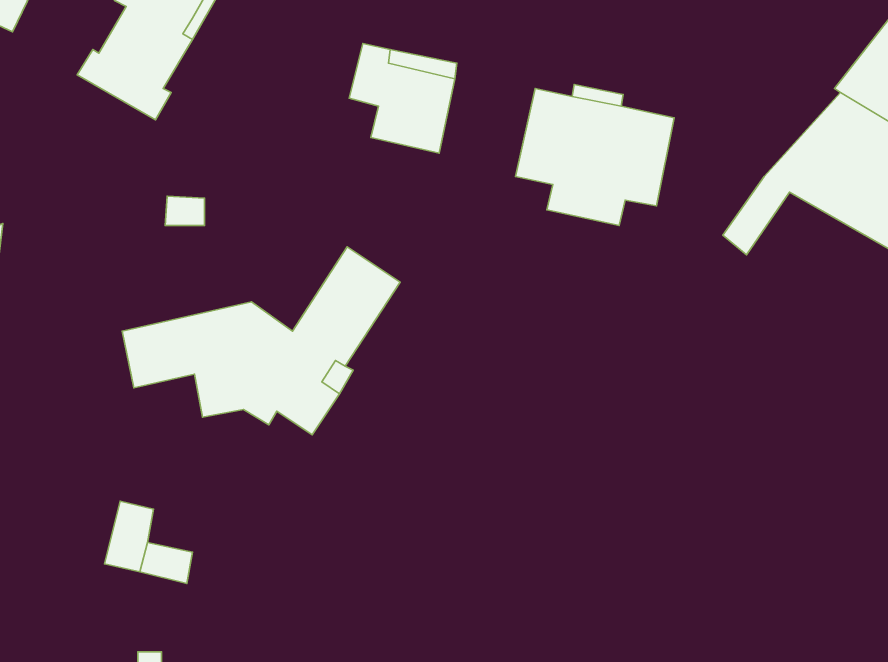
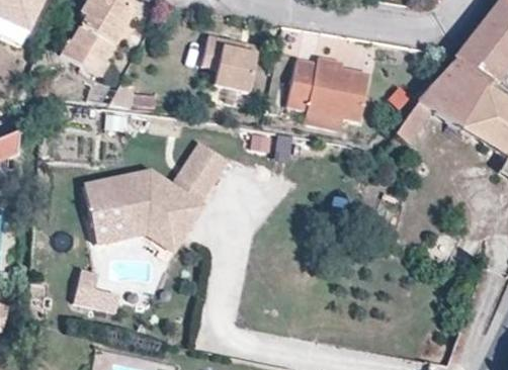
building: none -> [90,205,182,250]

